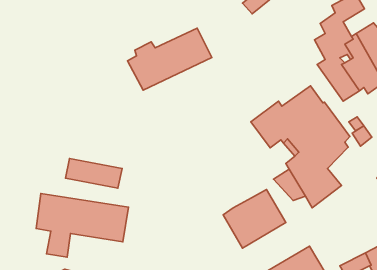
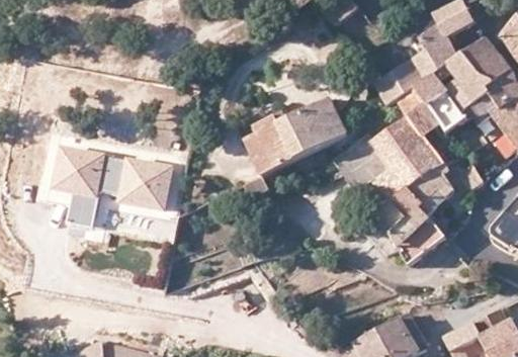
building: [127,28,212,90] -> [245,97,349,174]
building: none -> [374,57,440,135]
building: [223,189,286,248] -> none
building: [36,193,129,257] -> [55,148,169,227]

